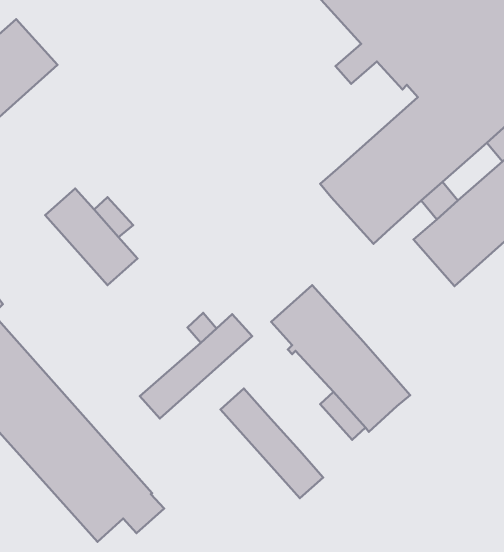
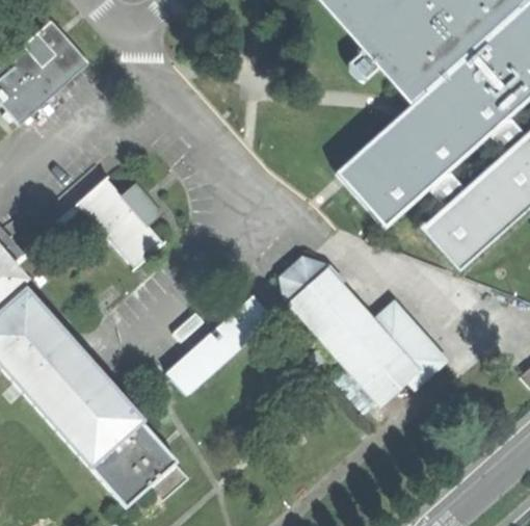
building: none -> [284,260,327,301]
building: none -> [375,304,445,388]
building: [221,389,323,498] -> none

